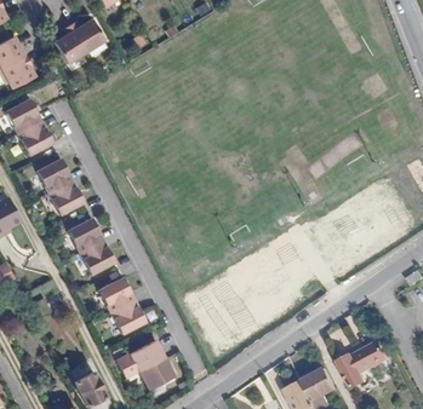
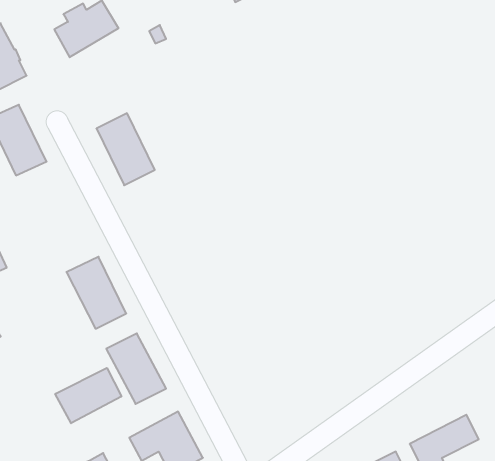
building: [35,156,81,213] -> [96,113,155,185]
building: none -> [55,368,121,423]

